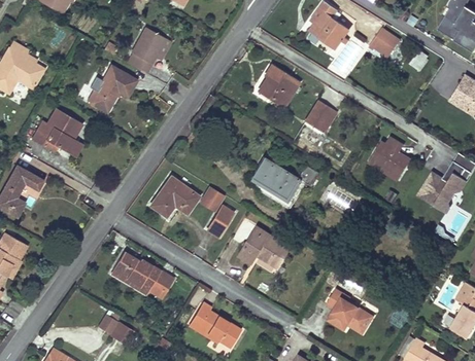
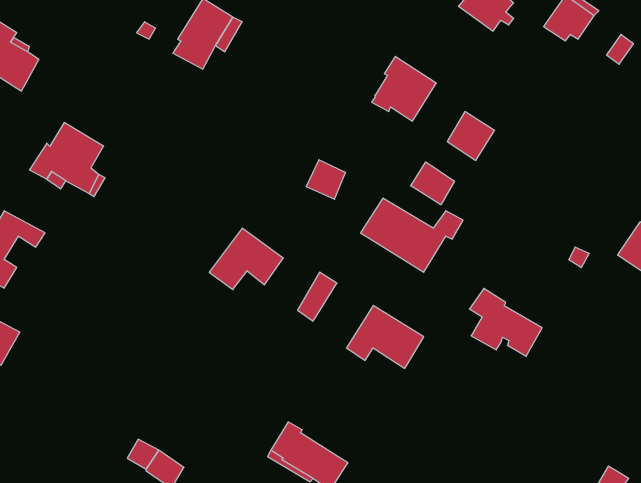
building: [90,65,136,112] -> none
building: none -> [411,162,454,205]
building: [371,137,410,180] -> none
building: [199,185,225,211] -> [306,160,346,199]
building: [112,252,174,295] -> none
building: [328,289,375,333] -> [469,288,542,356]

